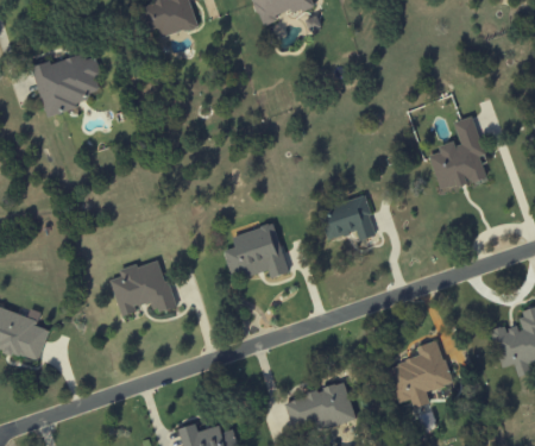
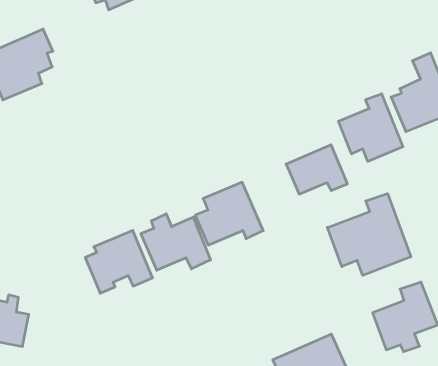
building: none -> [338,94,403,161]
building: none -> [141,214,211,270]
building: none -> [327,194,411,275]

